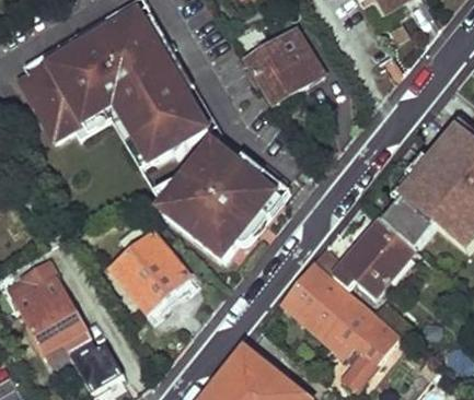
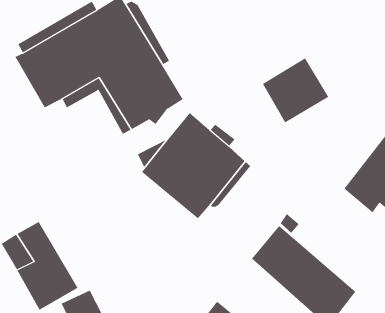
building: [246,26,321,99] -> [262,57,329,123]
building: [334,219,417,298] -> none
building: [109,231,187,307] -> none

